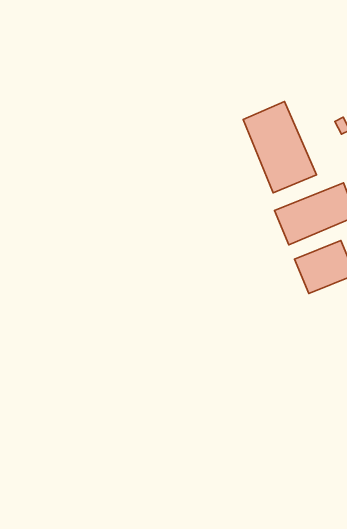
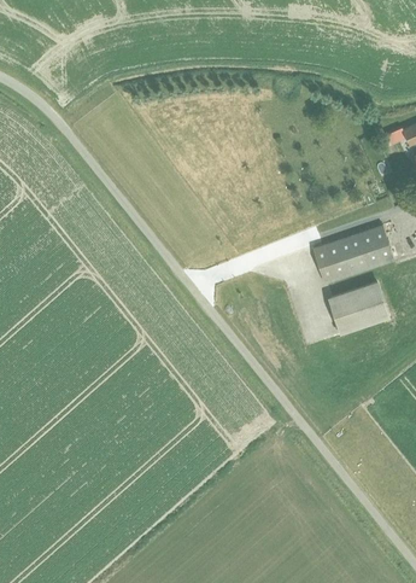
building: [243,101,317,193] -> none

